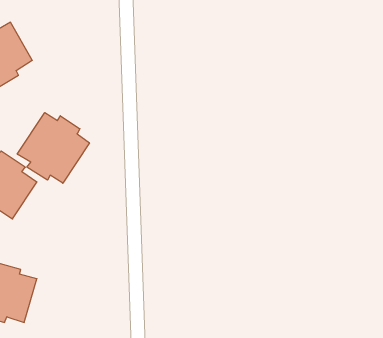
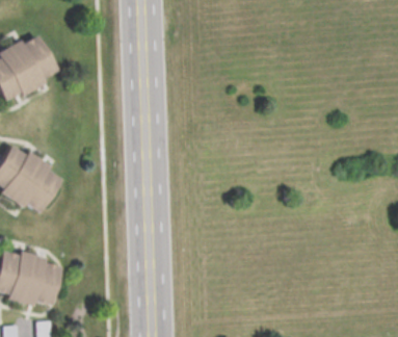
building: [17,113,89,183] -> none

